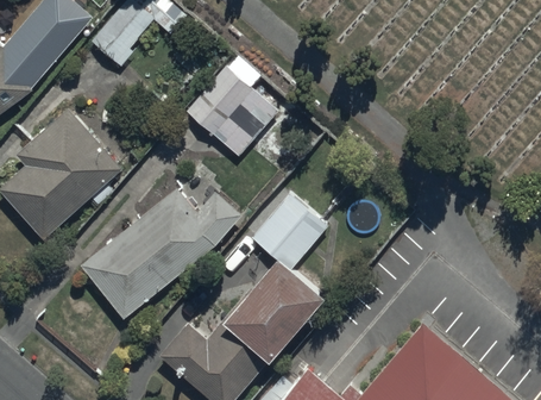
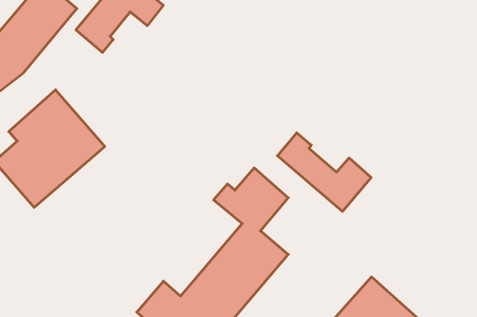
building: [184,57,278,158] -> none
building: none -> [277,133,371,211]
building: [80,188,241,320] -> none

